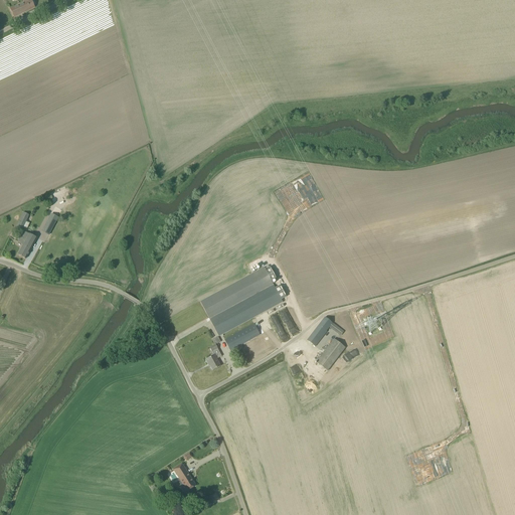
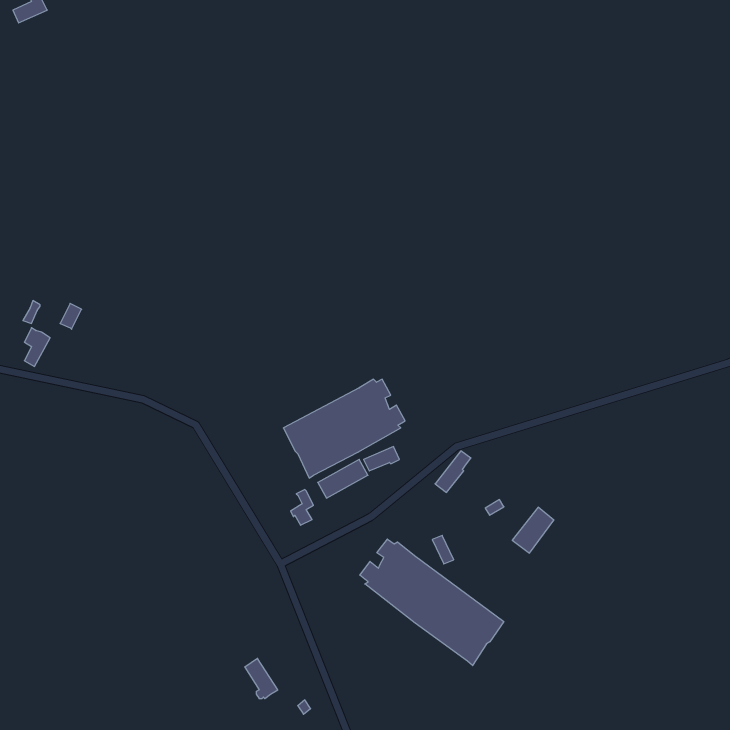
building: [315,338,344,370] -> [512,507,554,553]
building: none -> [360,539,504,666]

